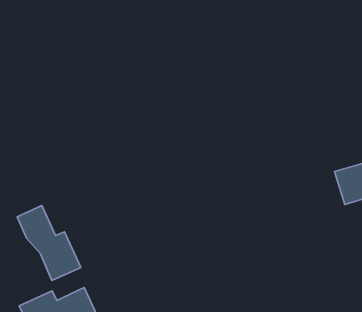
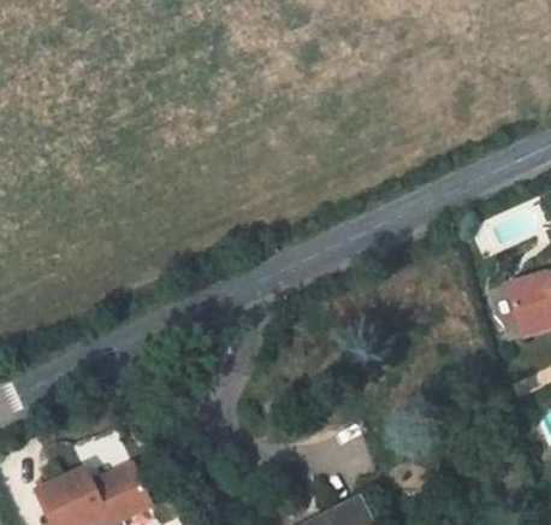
building: [17,206,81,281] -> none

